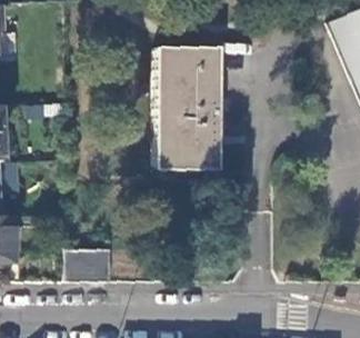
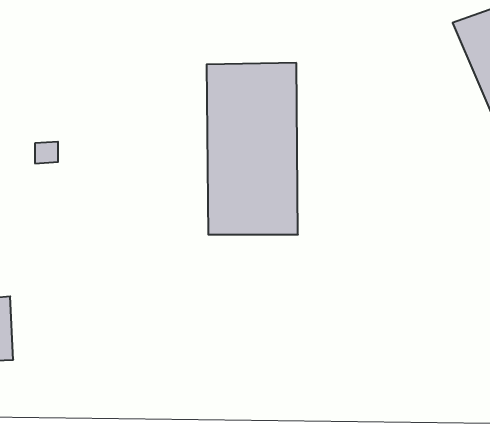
building: [67,248,112,281] -> none

